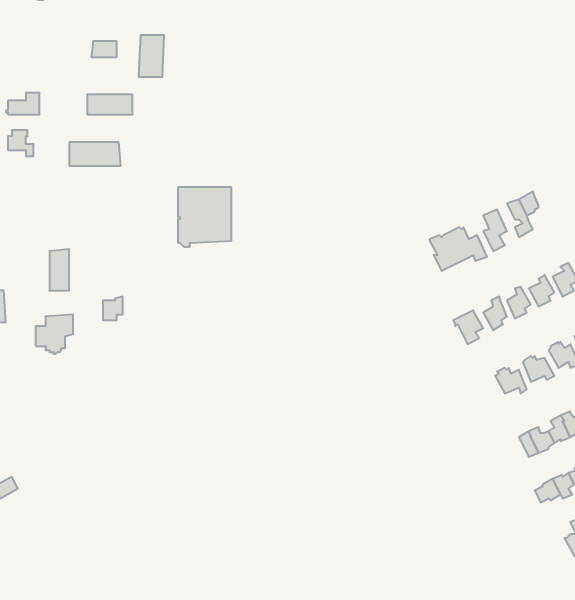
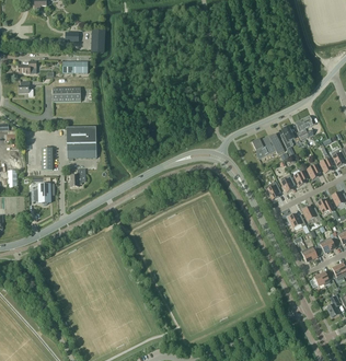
building: [178,187,231,247] -> [66,127,95,160]

